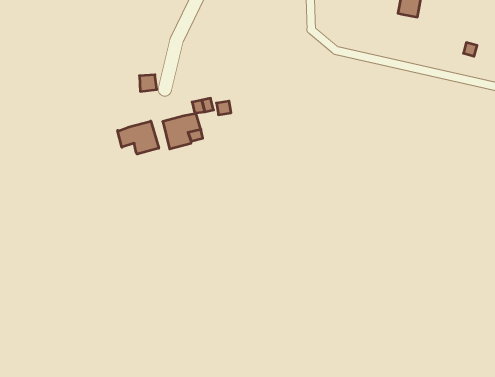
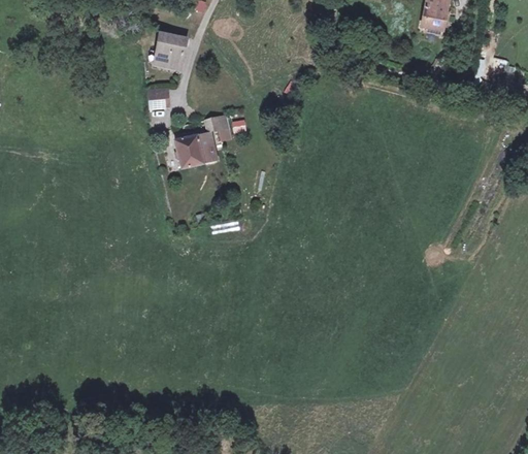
building: none -> [155,31,187,66]
building: [118,121,159,154] -> none

